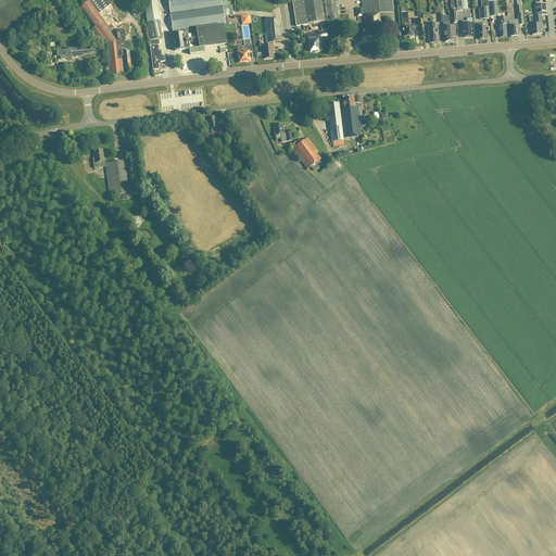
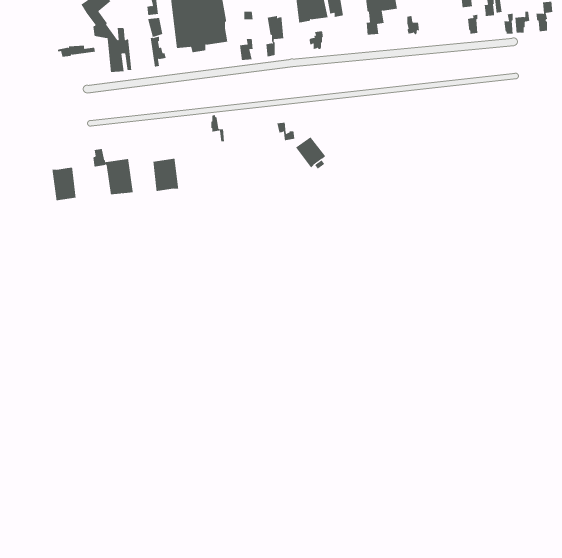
building: [326,93,359,139] -> none
building: none -> [153,158,179,192]
building: none -> [52,167,76,201]

